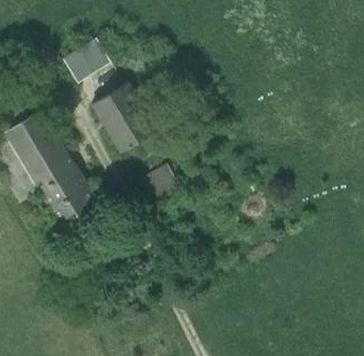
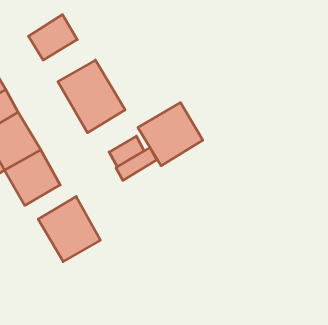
building: none -> [138,103,203,166]
building: none -> [38,196,100,262]

